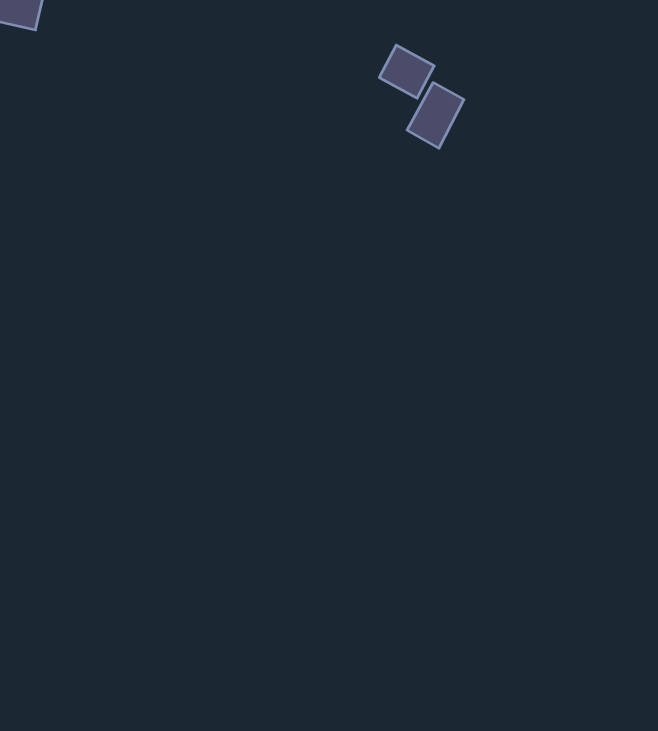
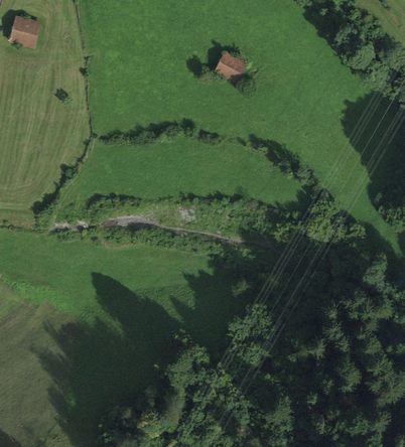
building: [407,83,464,148] -> none

